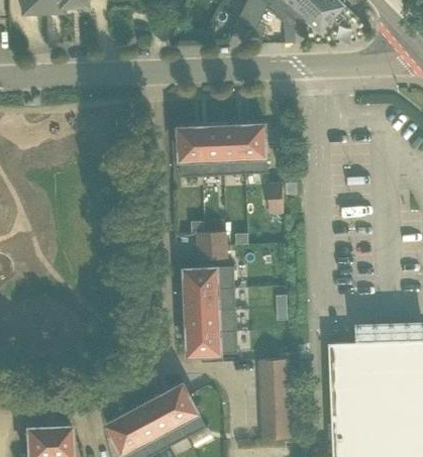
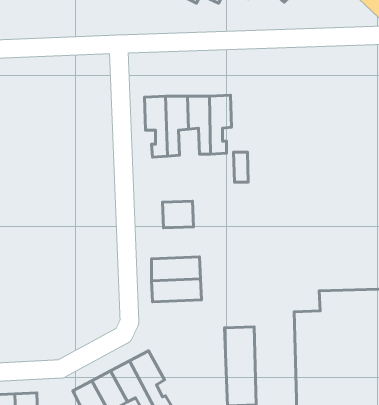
building: [184,265,233,290] -> none
building: [186,331,236,354] -> none

